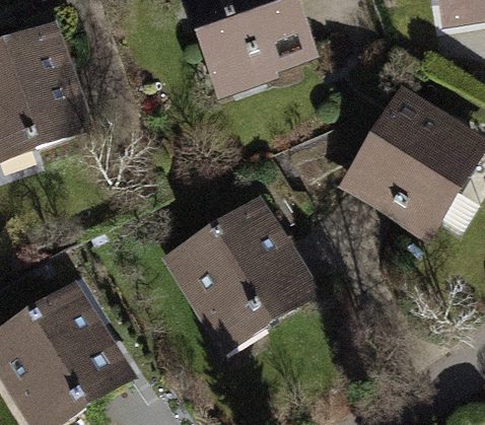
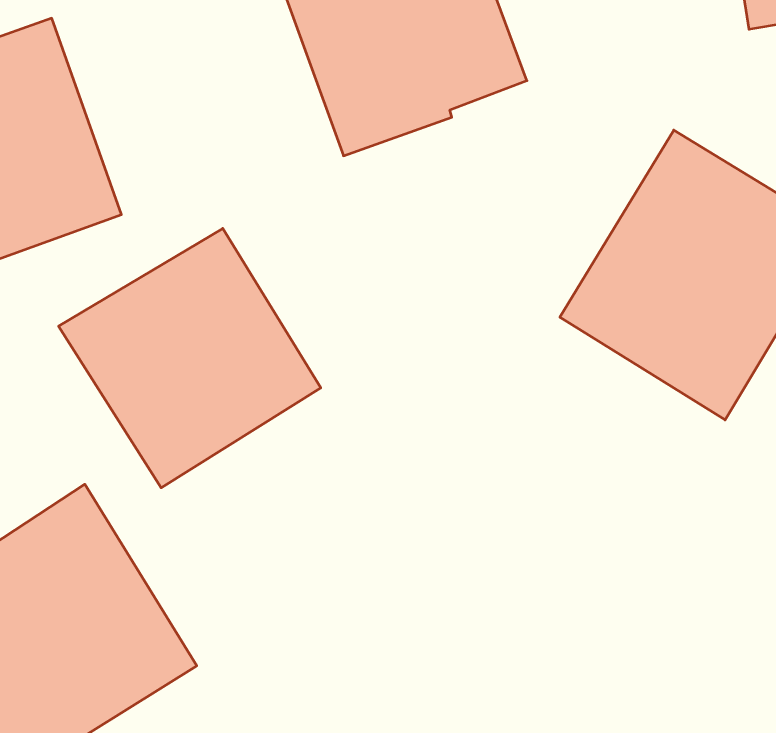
building: none -> [59,228,321,488]
building: [161,194,323,355] -> none

